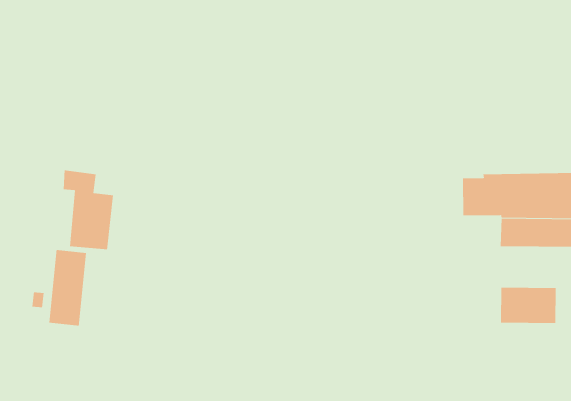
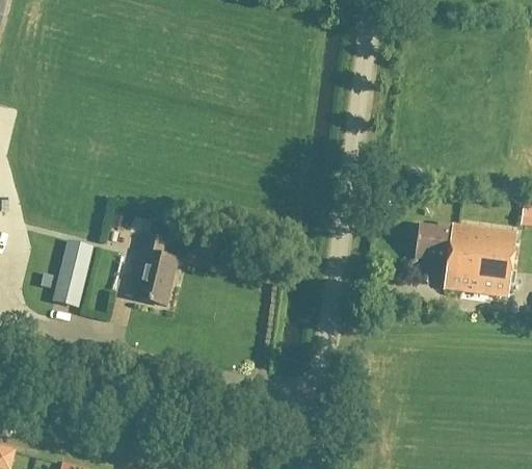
building: [63,170,114,250] -> [134,232,178,305]
building: [501,287,556,324] -> none

